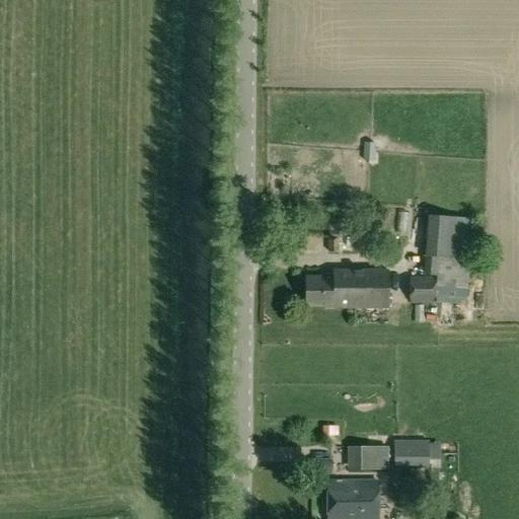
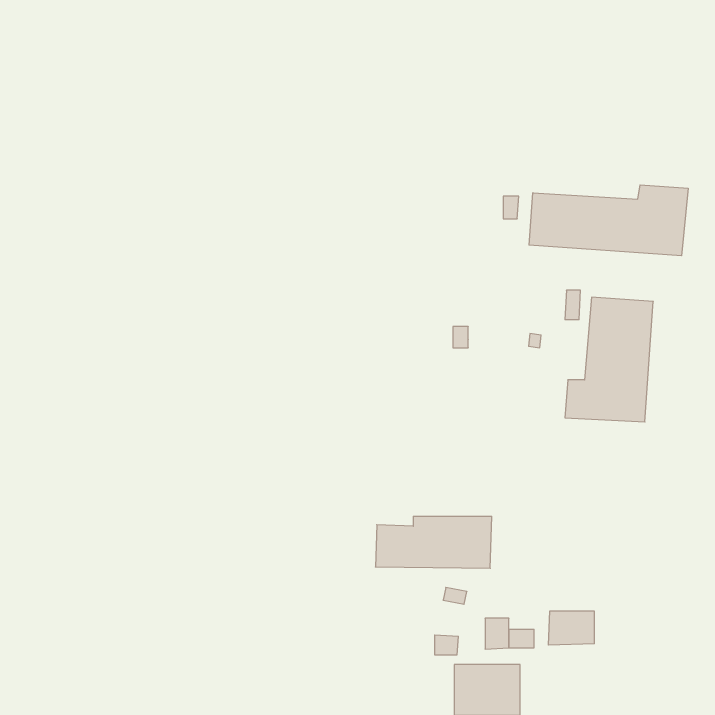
building: none -> [529,185,688,256]
building: [305,270,389,307] -> [375,516,492,568]

